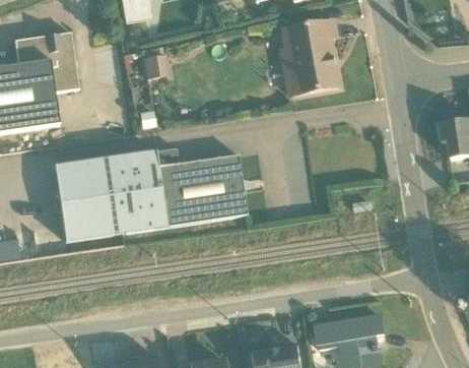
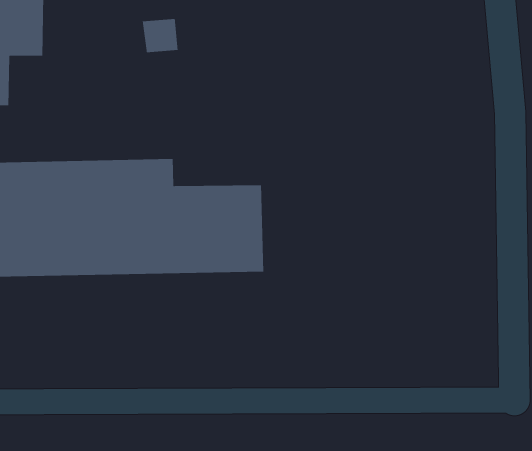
building: [279,20,339,96] -> none

